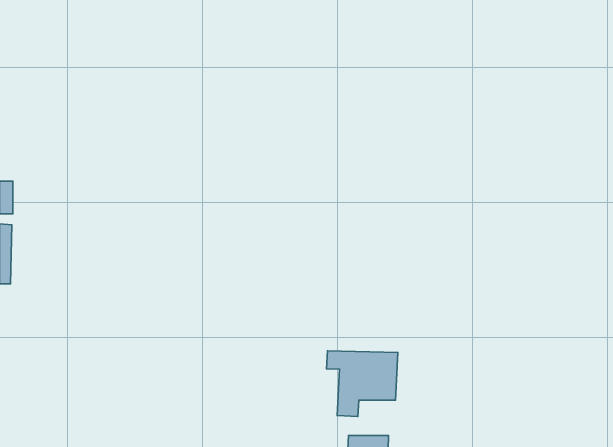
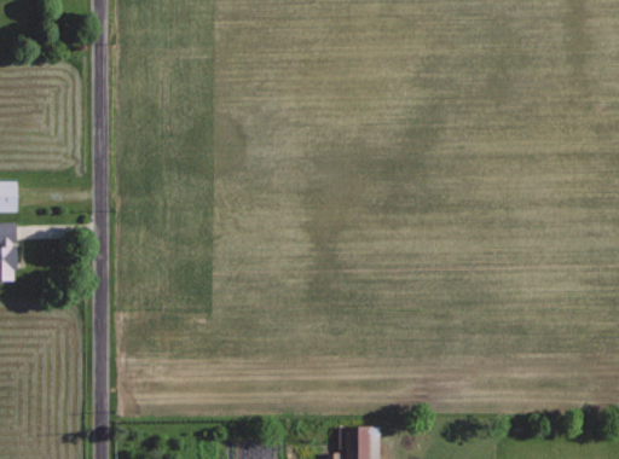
building: [327,351,398,416] -> none

